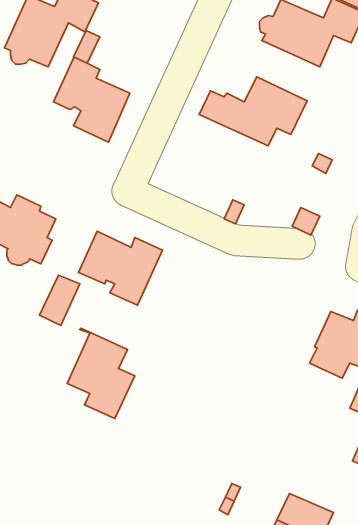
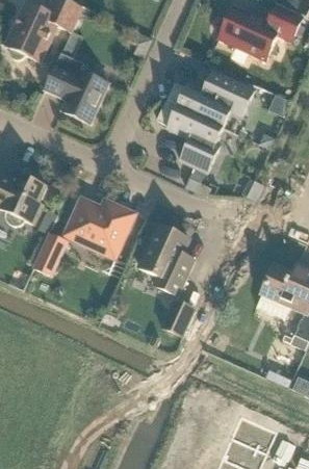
building: none -> [157,101,223,173]
building: [67,328,135,419] -> [138,220,195,295]
building: none -> [161,299,195,336]

